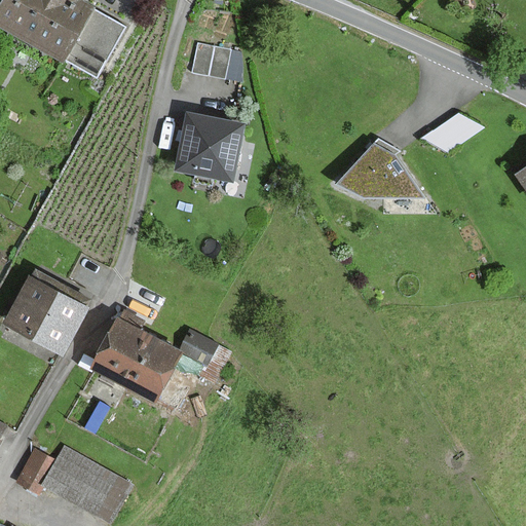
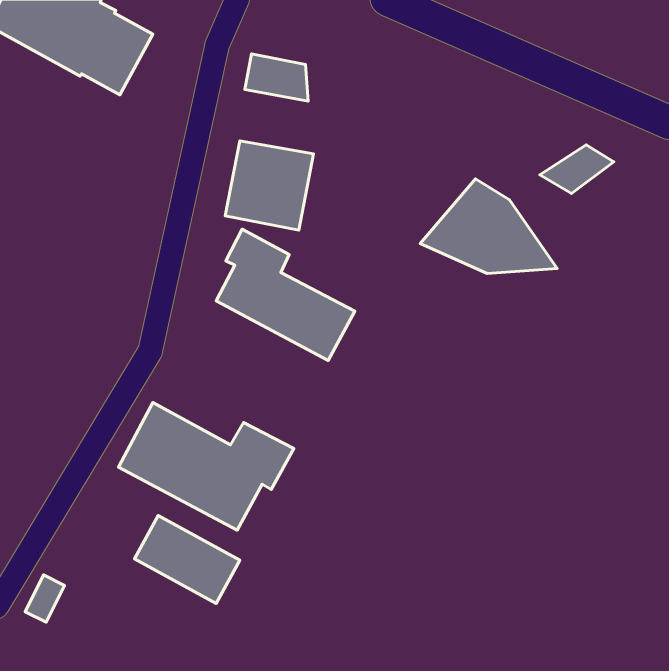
building: none -> [216,229,355,361]
building: [7,275,87,349] -> none
building: [45,448,127,517] -> [135,516,240,604]

